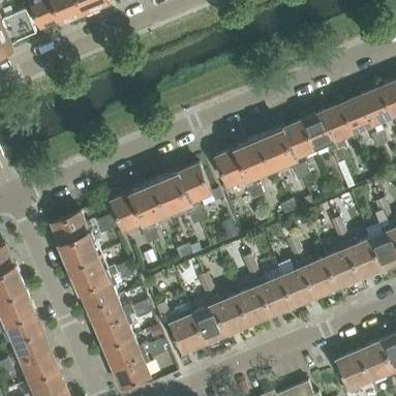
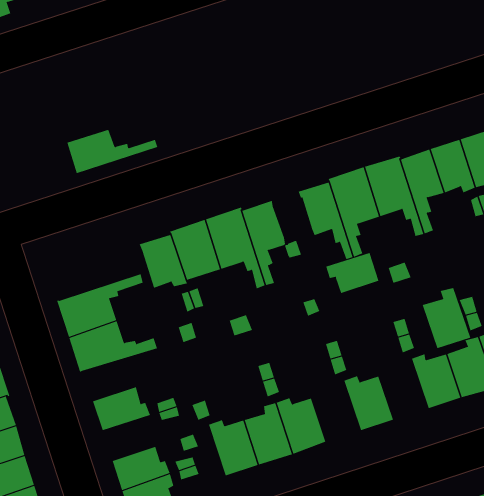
building: none -> [326,252,379,294]
building: [53,211,115,243] -> [67,129,158,174]
building: [281,263,316,305] -> [422,288,471,349]
building: [81,270,132,309] -> none
building: [237,281,272,324] -> none
building: [97,315,134,348] -> none

